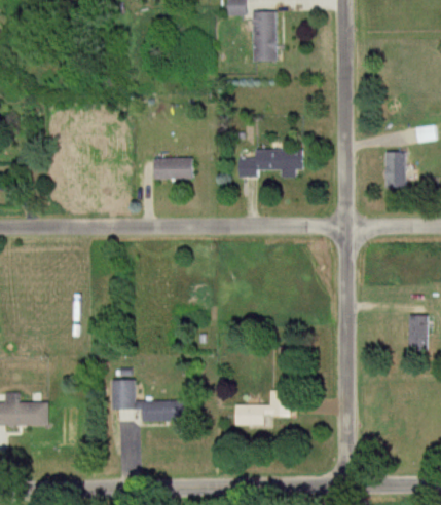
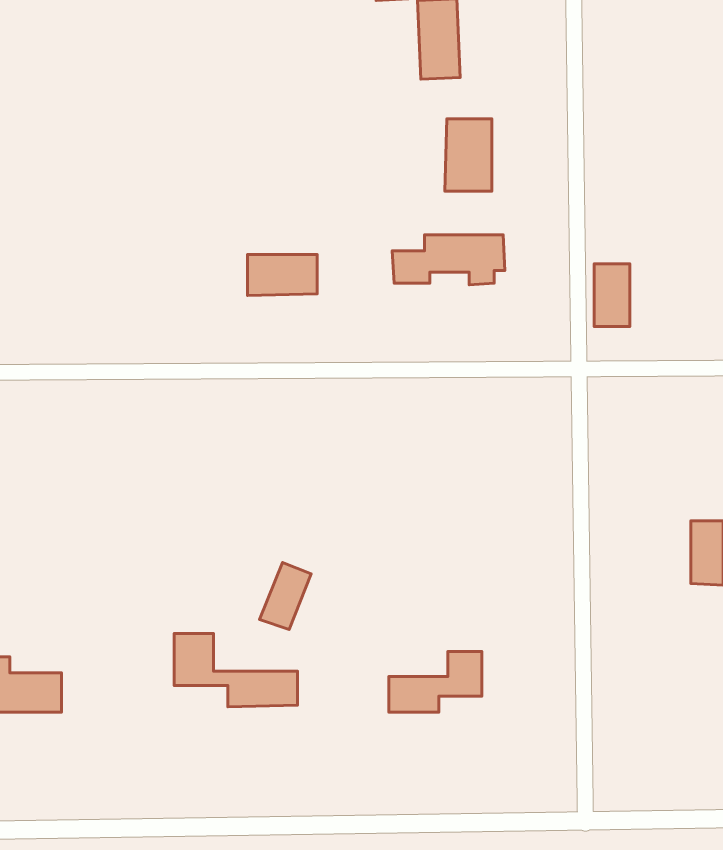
building: none -> [445,119,492,191]
building: [387,153,407,189] -> [594,264,630,326]
building: none -> [260,562,311,629]

